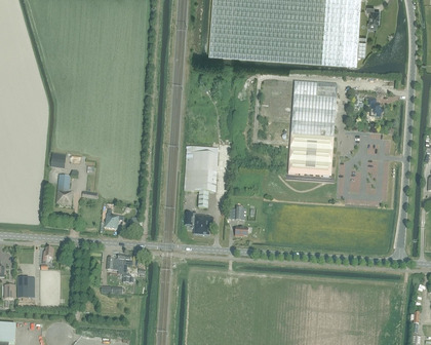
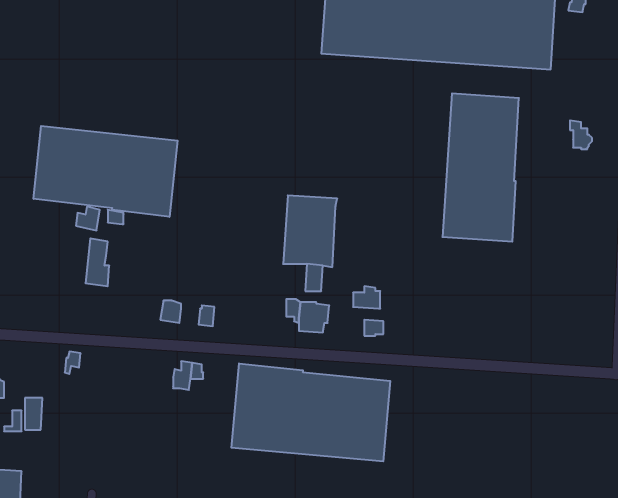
building: none -> [34,126,178,217]
building: none -> [231,363,390,461]

